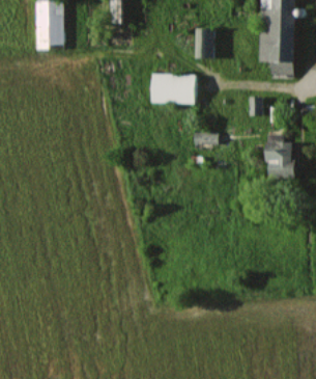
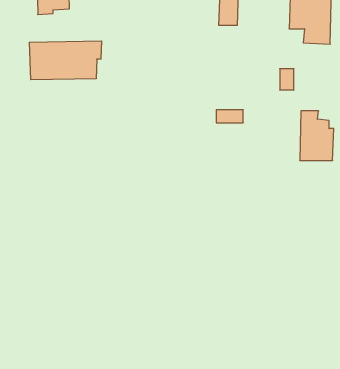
building: none -> [29,41,102,80]
building: [151,75,196,105] -> none

